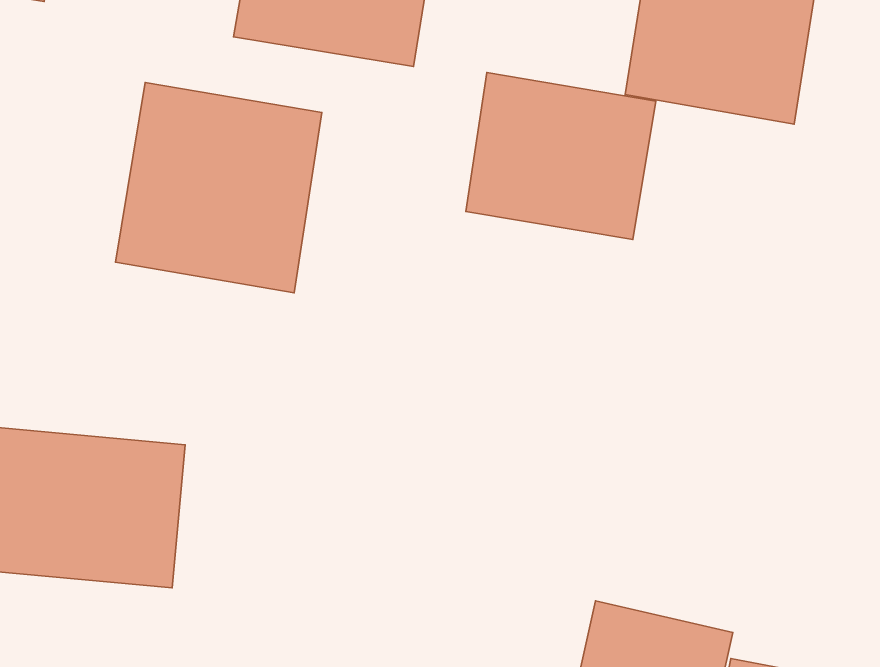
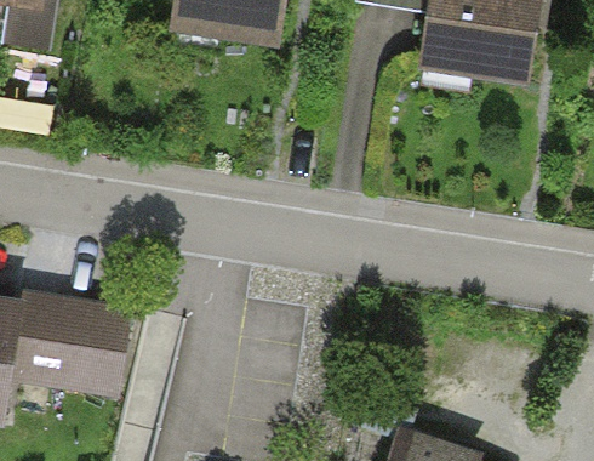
building: [466,72,656,240] -> none
building: [115,82,322,293] -> none

